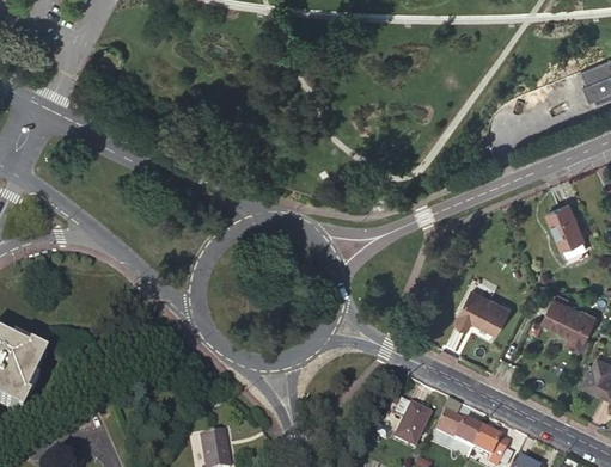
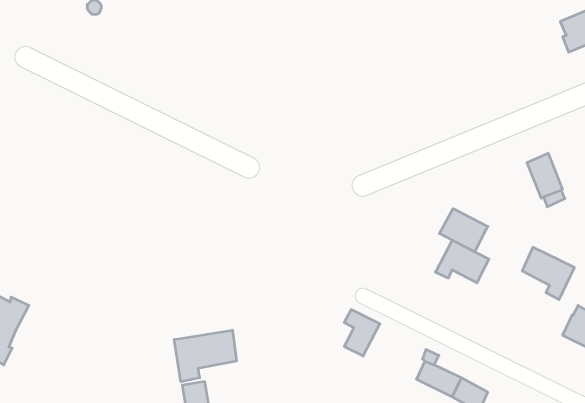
building: none -> [439,209,488,251]
building: none -> [174,330,236,382]
building: [395,398,430,444] -> [344,310,380,356]

